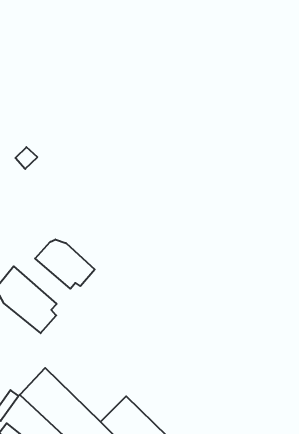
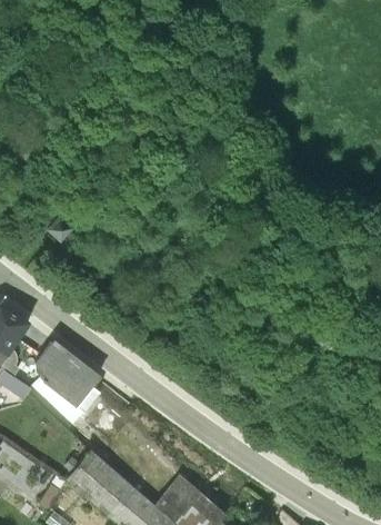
building: [35,239,95,289] -> none

